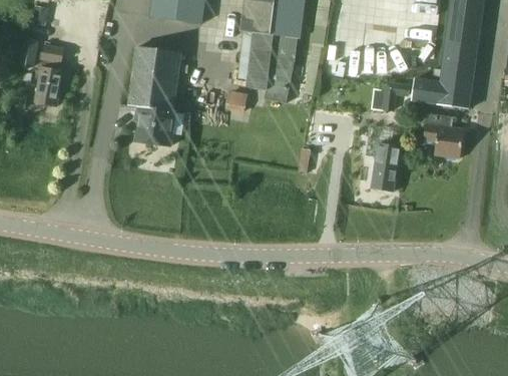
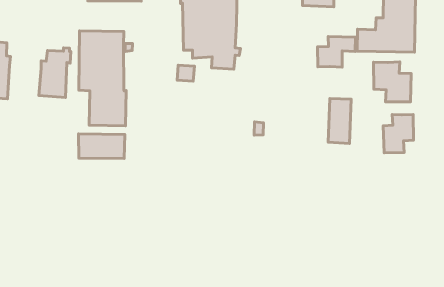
building: none -> [39,48,71,97]
building: none -> [78,134,125,159]
building: none -> [383,114,413,153]

